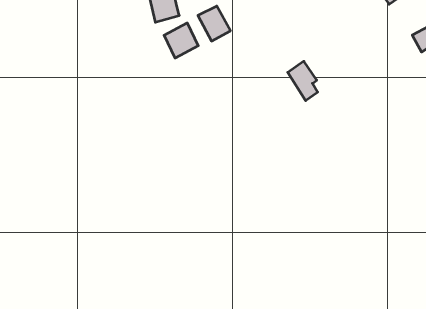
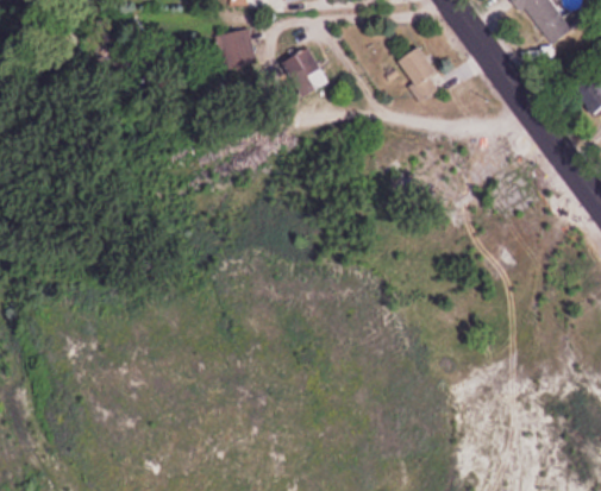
building: [164,23,198,58] -> none
building: [288,61,318,101] -> [396,45,438,100]

